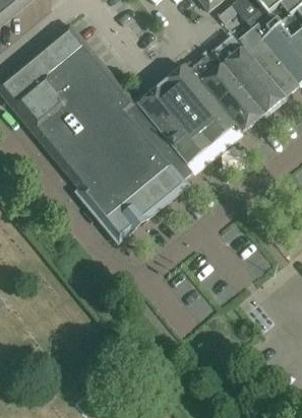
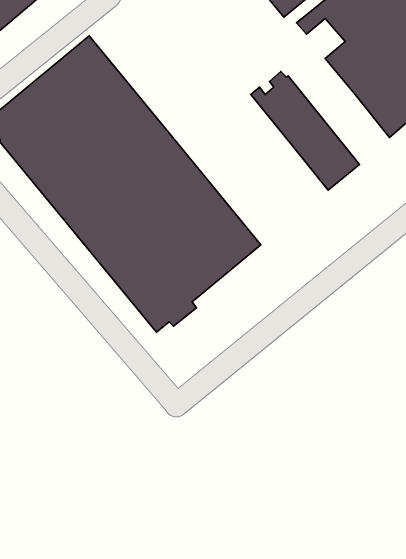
building: [210,36,284,117] -> none
building: [135,67,239,173] -> none

